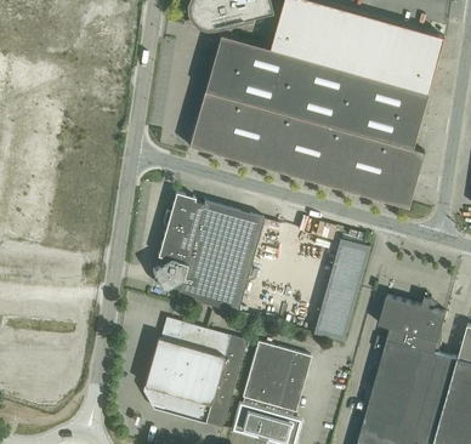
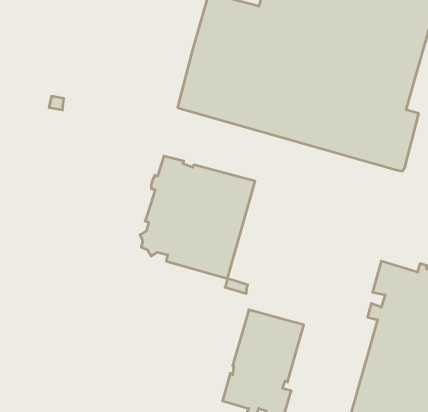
building: [311,244,363,346] -> none
building: [144,318,246,428] -> none

